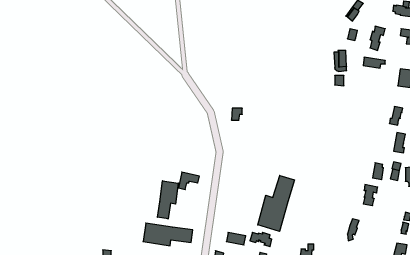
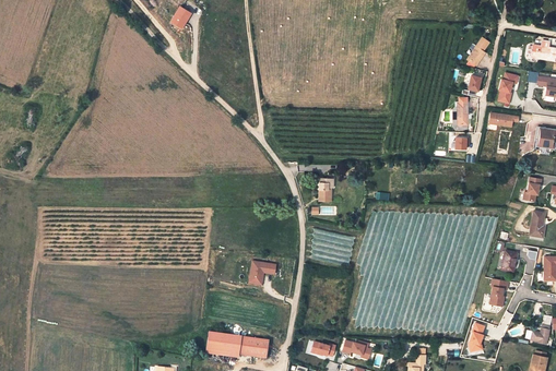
building: [258,175,295,231] -> none
building: [157,181,178,219] -> none

